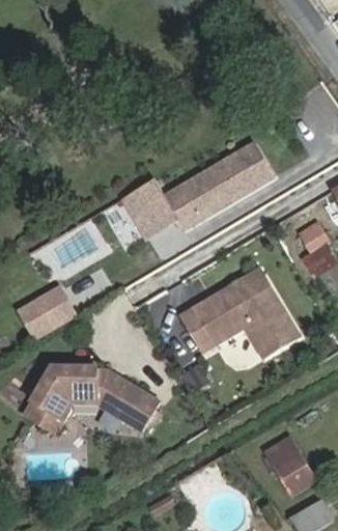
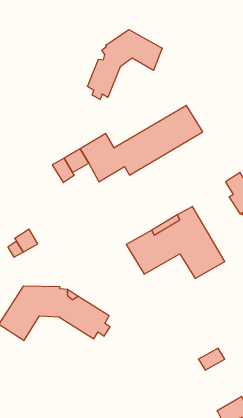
building: none -> [87,30,162,100]
building: [275,454,313,495] -> none

